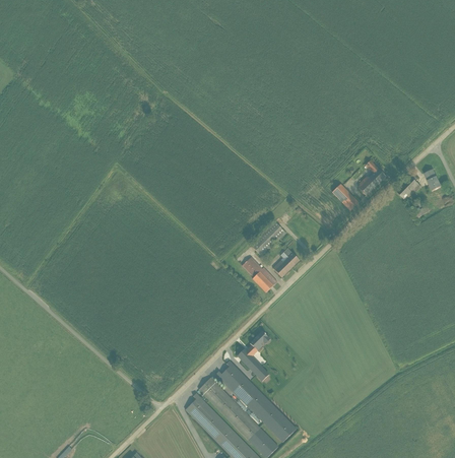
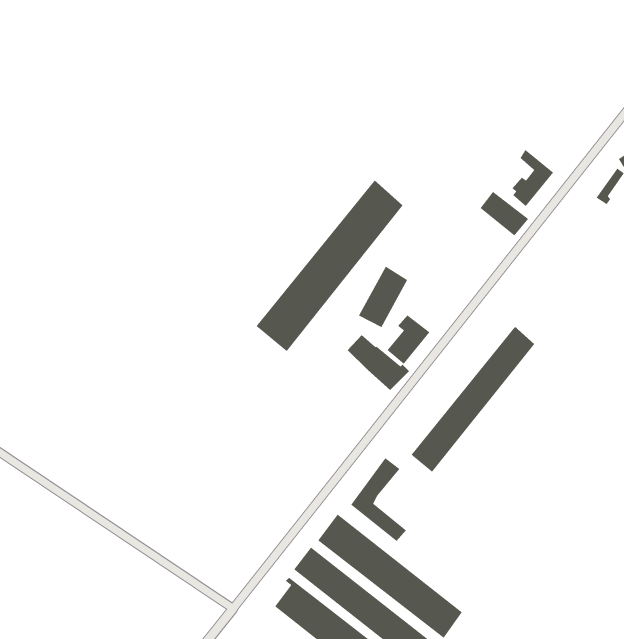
building: none -> [255,179,404,352]
building: none -> [410,326,535,473]

